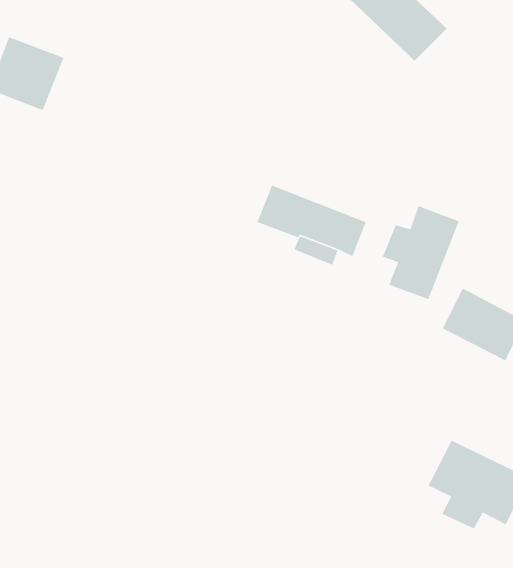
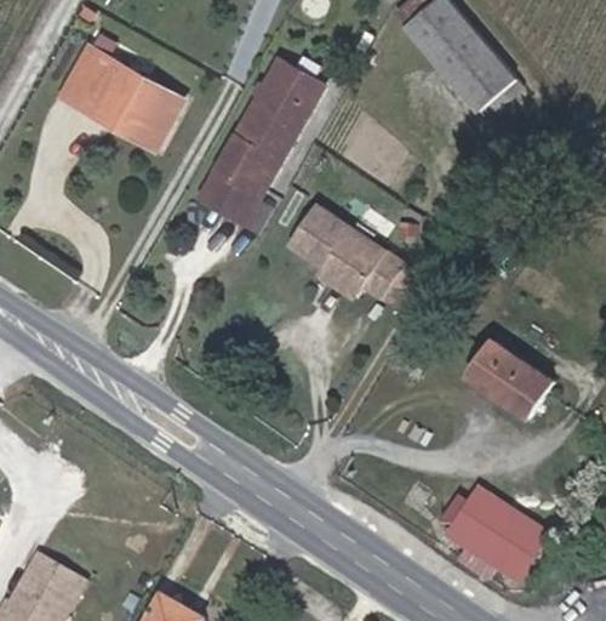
building: none -> [204,65,324,224]
building: none -> [105,64,176,136]
building: [382,205,460,300] -> none

